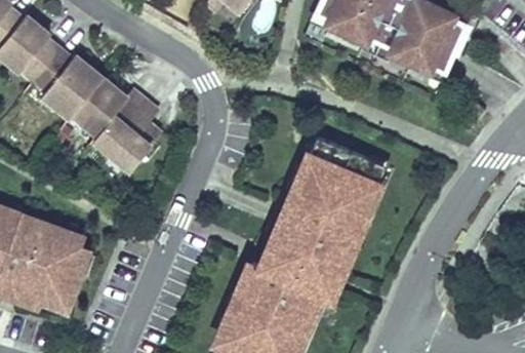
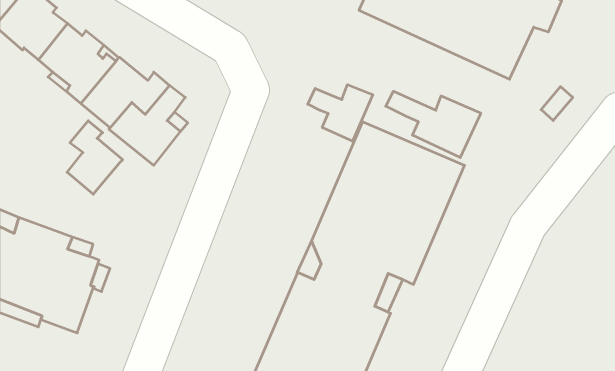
building: none -> [308,85,373,141]
building: none -> [386,91,481,158]
building: none -> [67,121,122,194]

